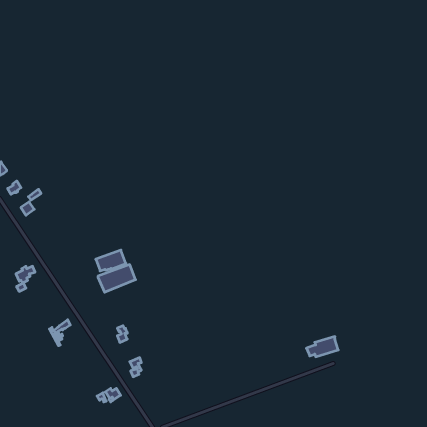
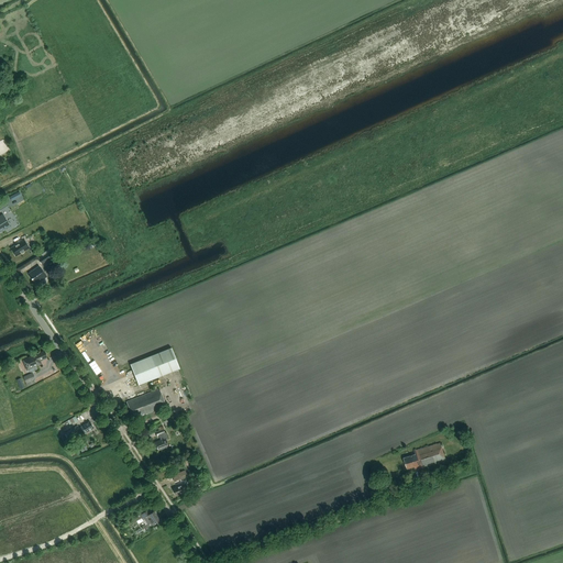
building: [96,250,126,271] -> [125,388,165,416]

